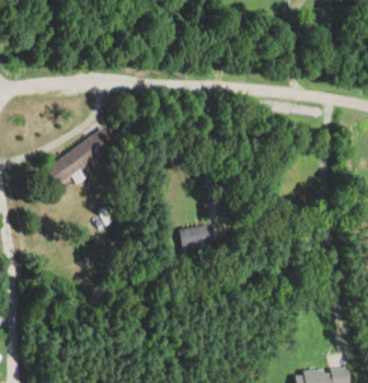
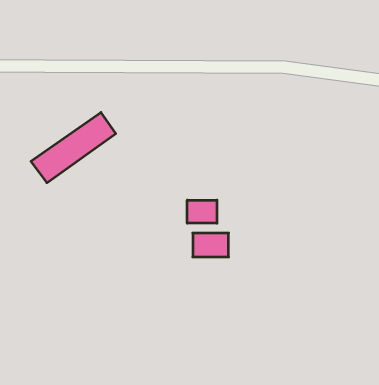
building: none -> [187,200,217,223]

